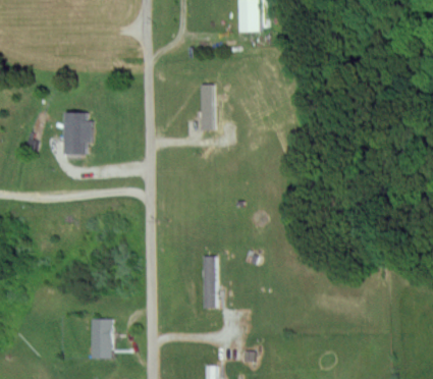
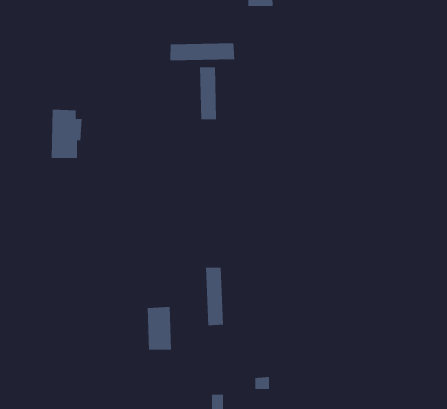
building: none -> [170,42,235,61]
building: [92,318,113,356] -> [147,307,172,350]

